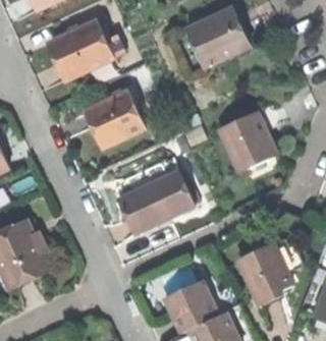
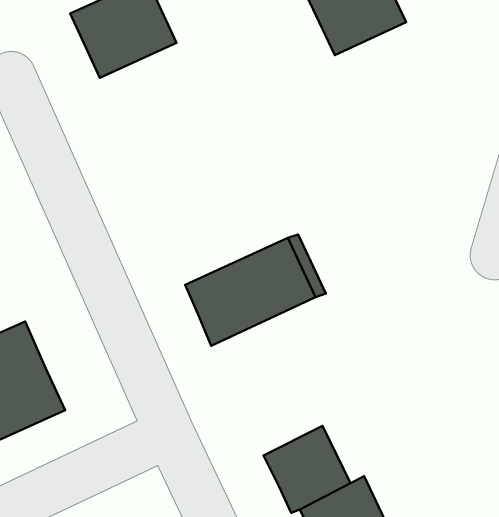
building: [90,91,144,145] -> none
building: [217,111,272,165] -> none
building: [237,242,290,302] -> none

